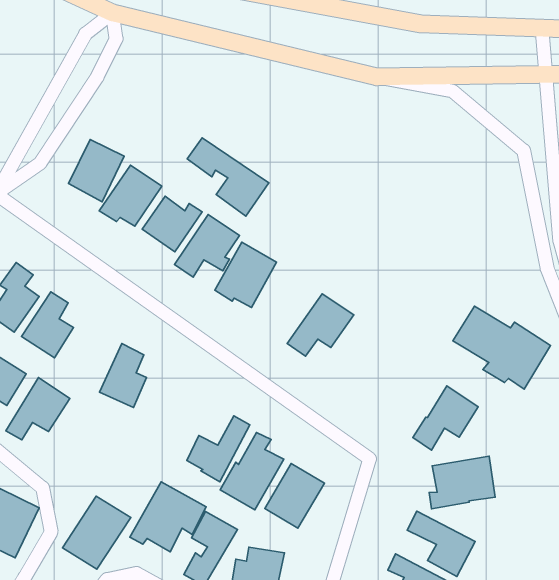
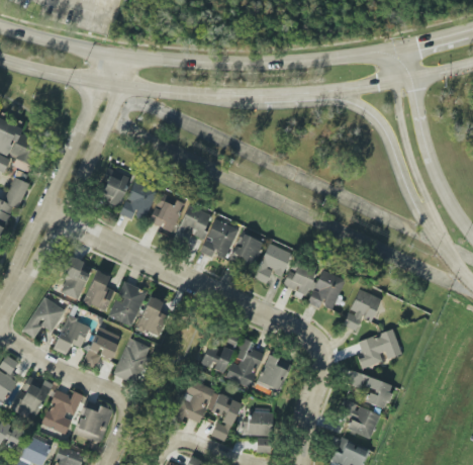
building: [187,138,269,216] -> none
building: none -> [231,234,263,268]
building: [453,306,550,389] -> [282,263,345,310]
building: none -> [108,282,148,328]
building: [62,496,131,569] -> [113,339,154,385]

